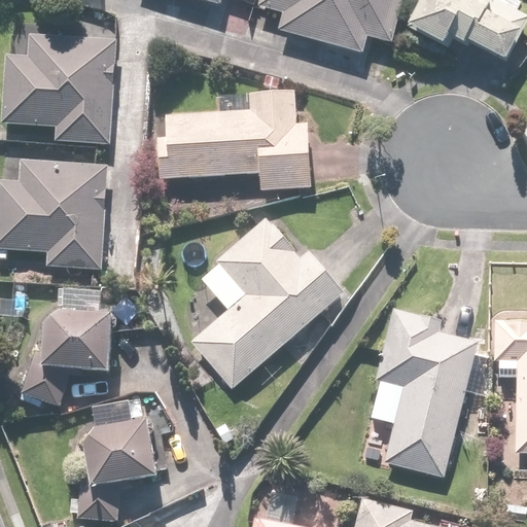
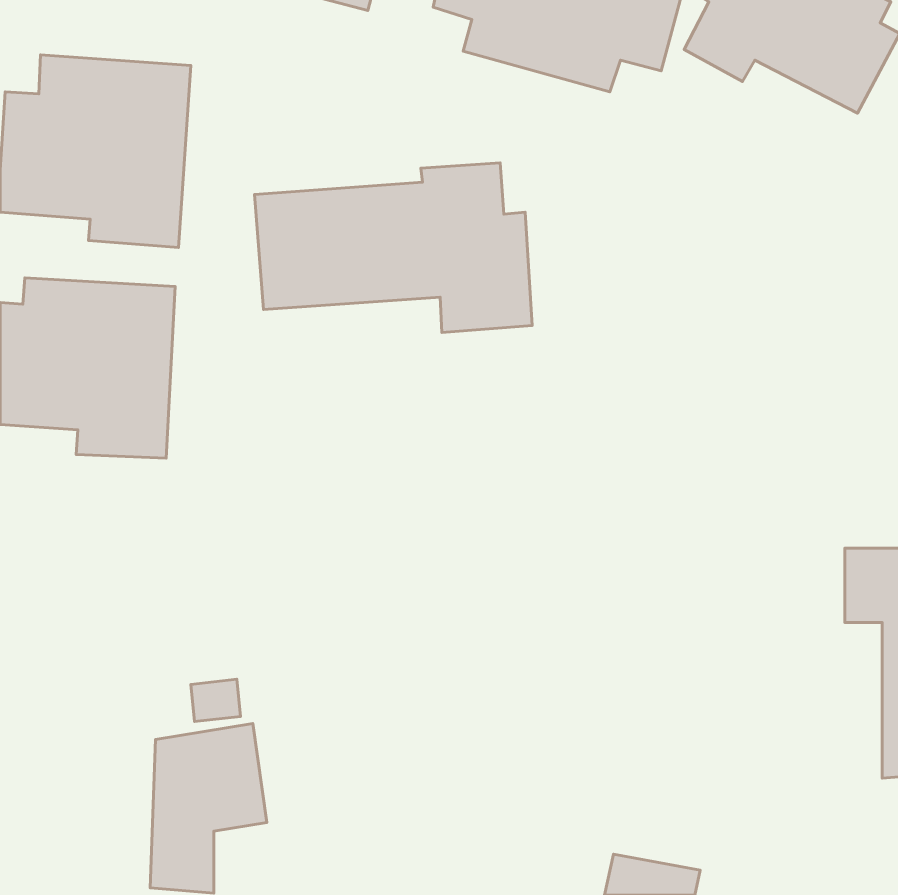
building: [191,216,341,386] -> none
building: [373,311,478,477] -> none
building: [31,316,113,406] -> none

